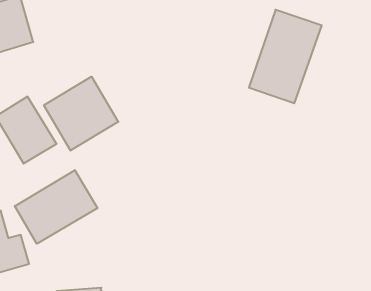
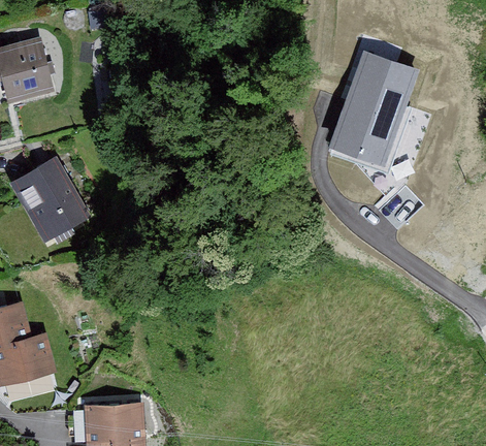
building: [44,77,118,151] -> none
building: [15,170,98,244] -> none

